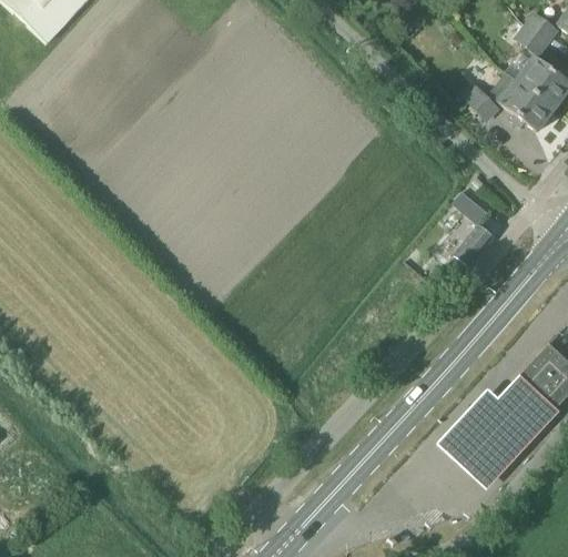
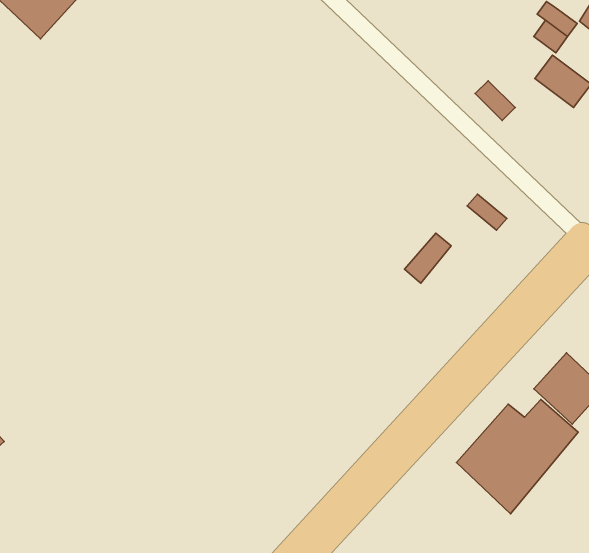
building: [488,72,551,129] -> none
building: [448,223,493,271] -> [404,233,451,283]

